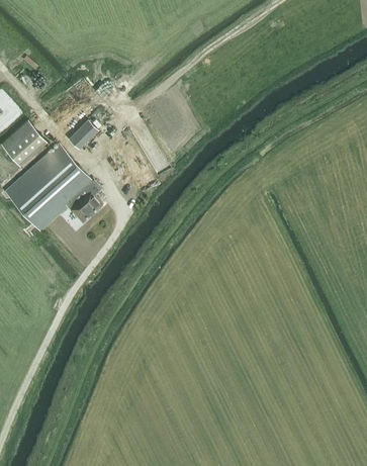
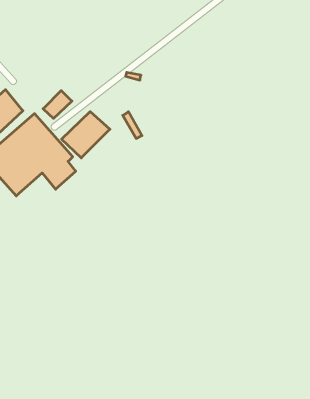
building: none -> [62,112,110,158]

